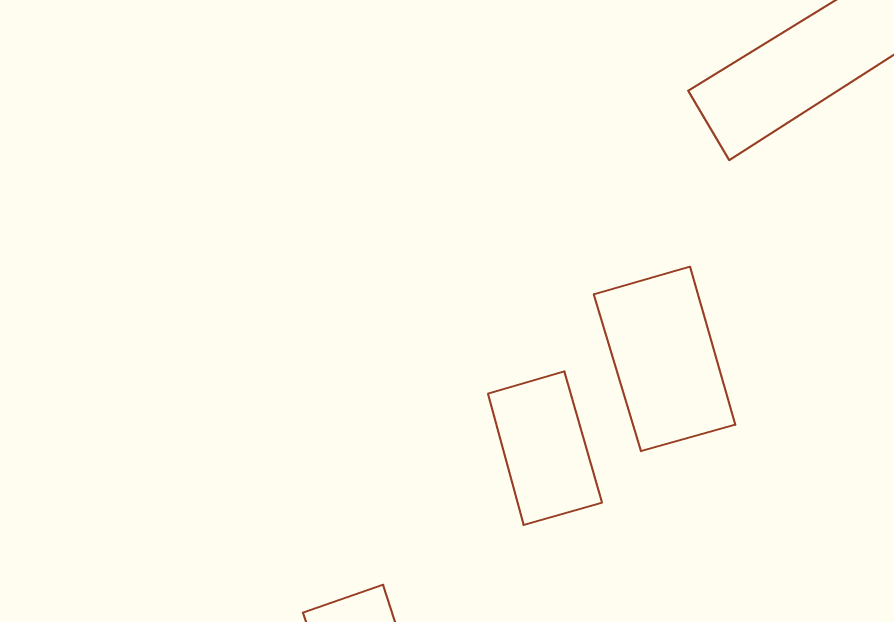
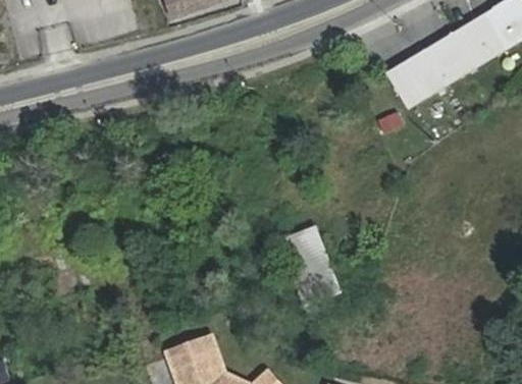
building: [594,267,735,451] -> none

